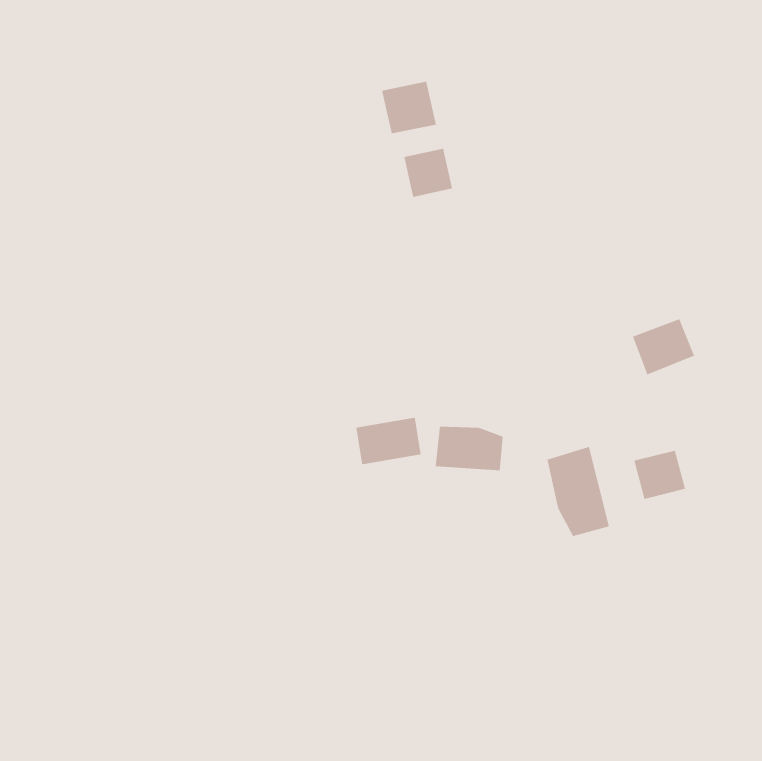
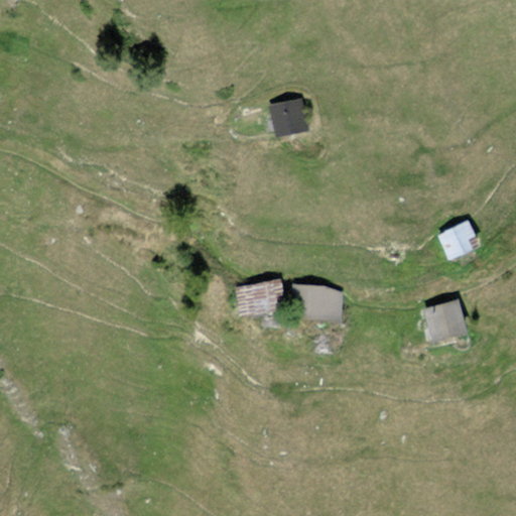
building: [382,81,436,134] -> none
building: [547,446,609,537] -> none

